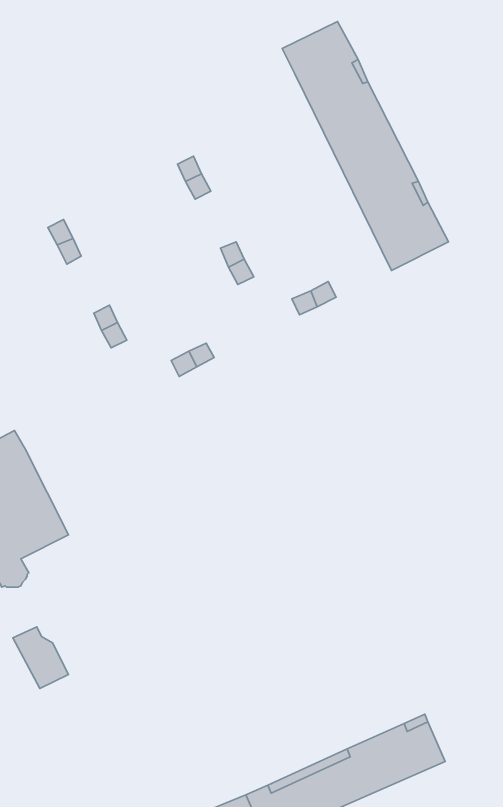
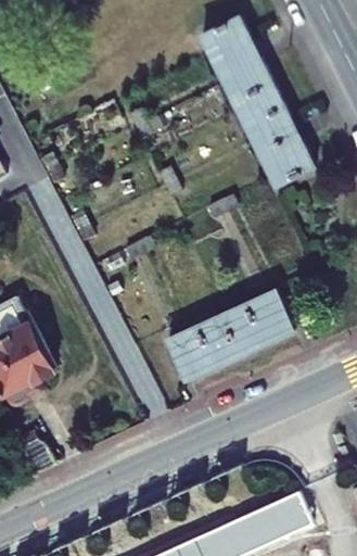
building: none -> [166,289,293,379]

